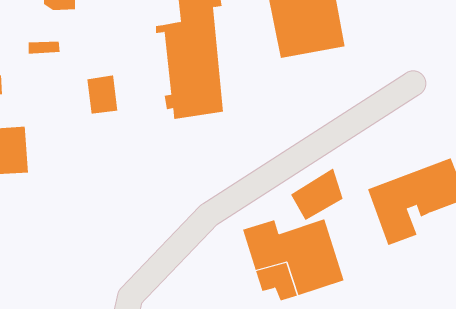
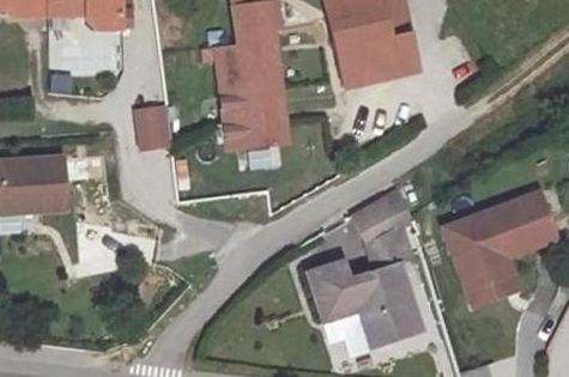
building: none -> [466,244,525,305]

